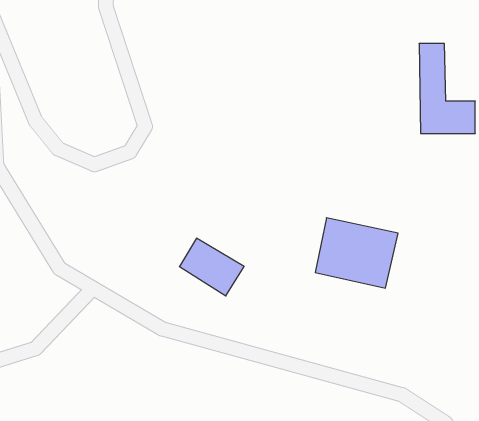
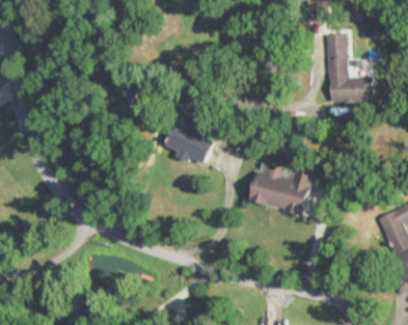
building: [179,238,244,296] -> [164,123,212,165]

